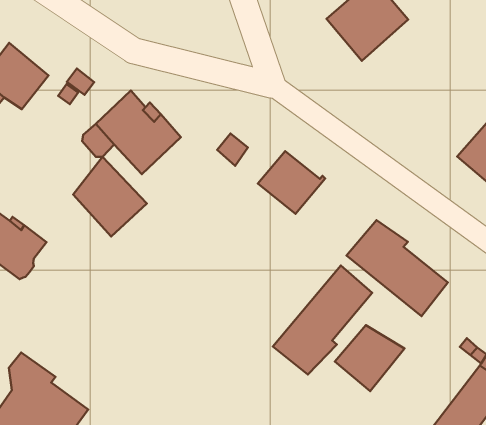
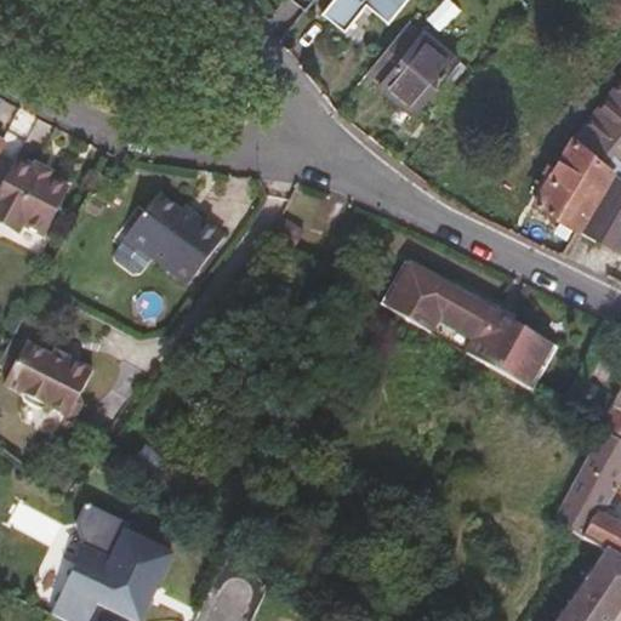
building: [258,151,325,214] -> [386,264,460,332]
building: [73,157,147,236] -> none
building: [273,266,372,374] -> none
building: [335,325,405,391] -> none

